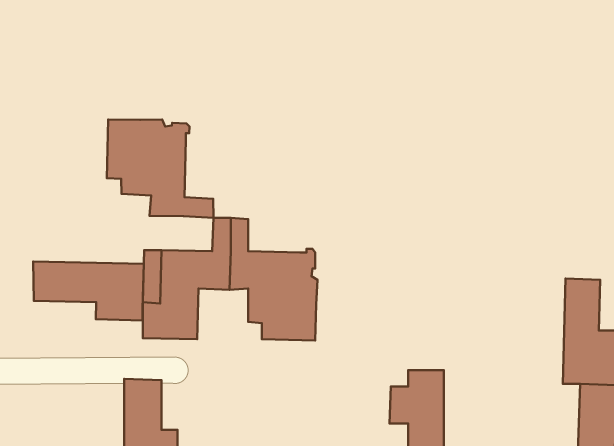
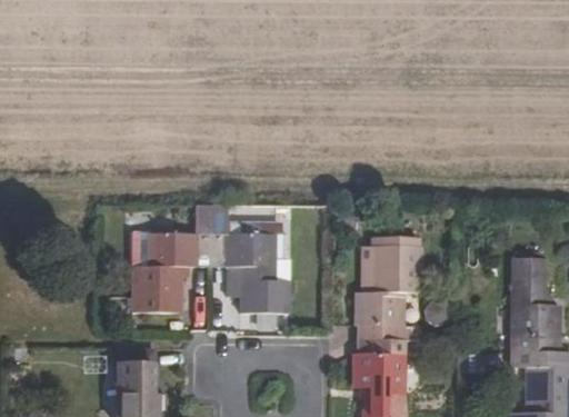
building: [107,120,213,218] -> none
building: [33,261,144,320] -> none
building: none -> [356,246,420,340]

